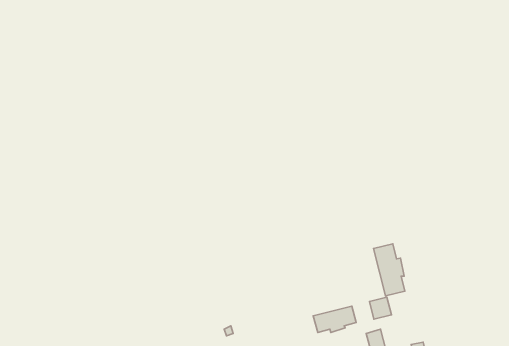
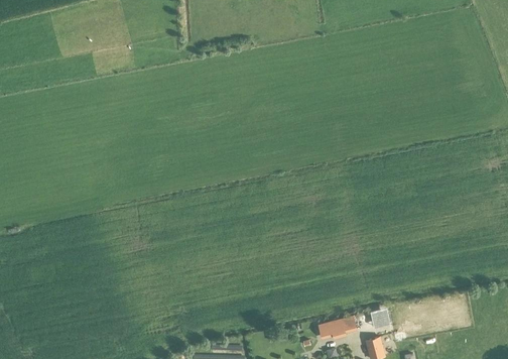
building: [374,244,405,296] -> none

